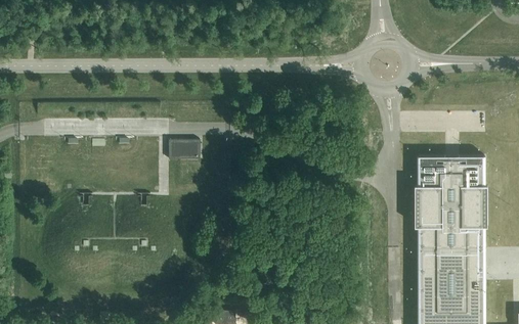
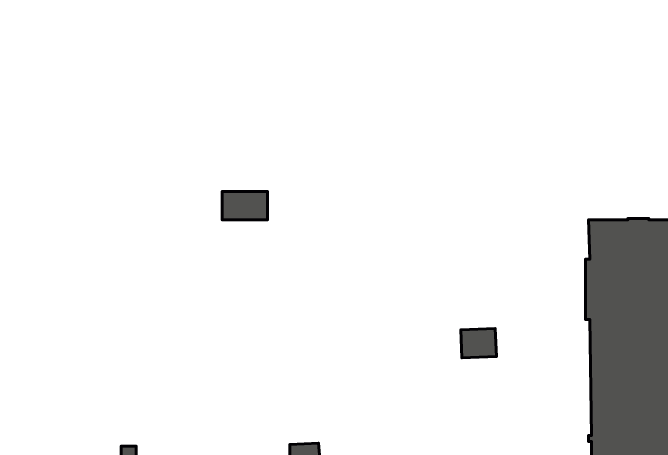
building: none -> [461,328,496,358]

